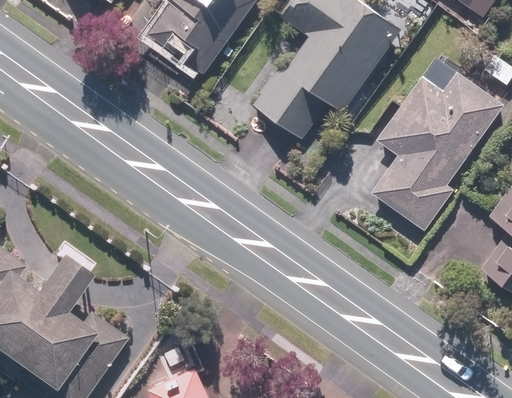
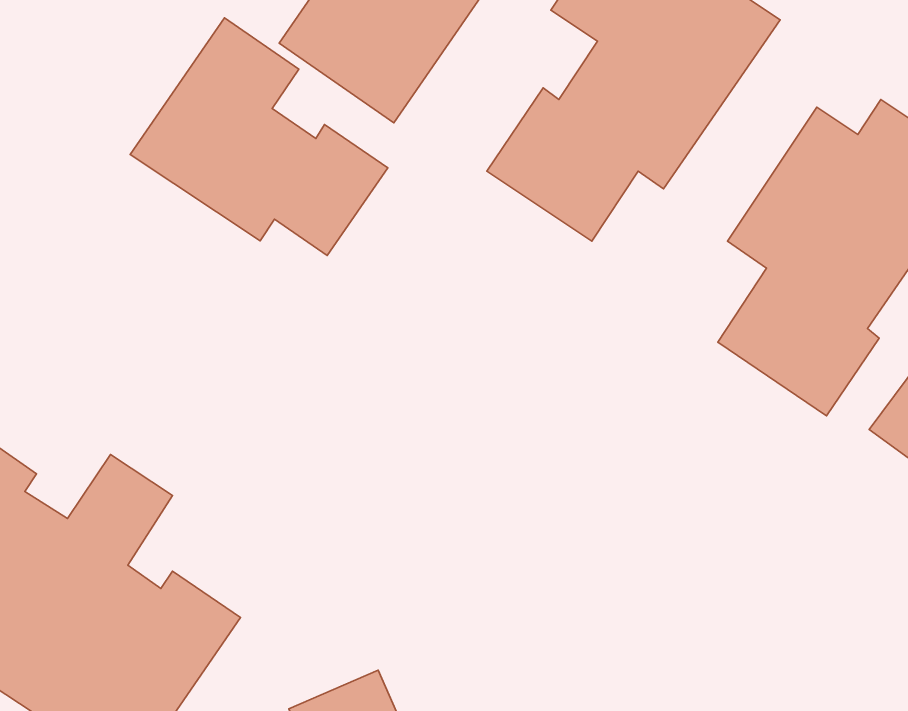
building: none -> [130,18,388,256]

